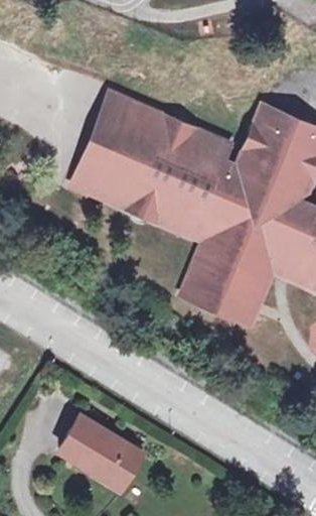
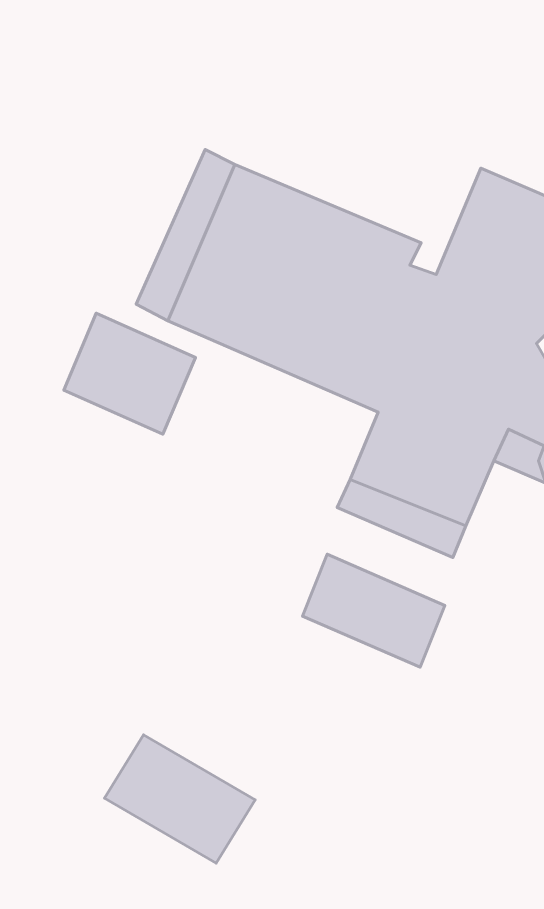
building: none -> [64,313,195,434]
building: none -> [302,554,445,667]

